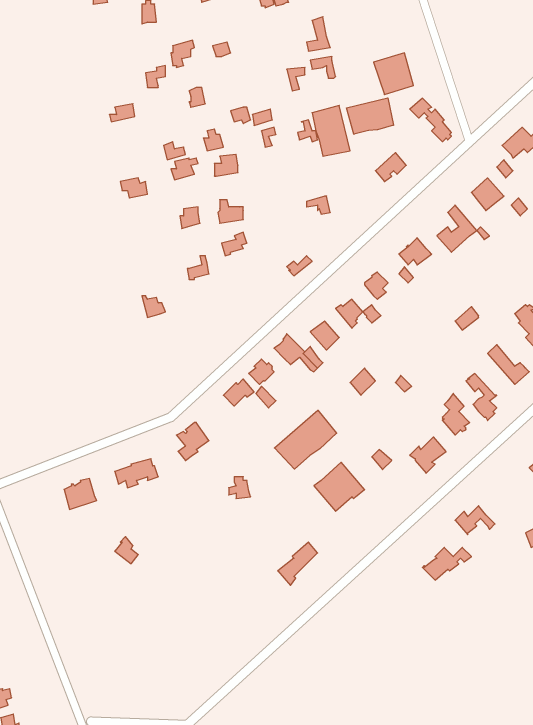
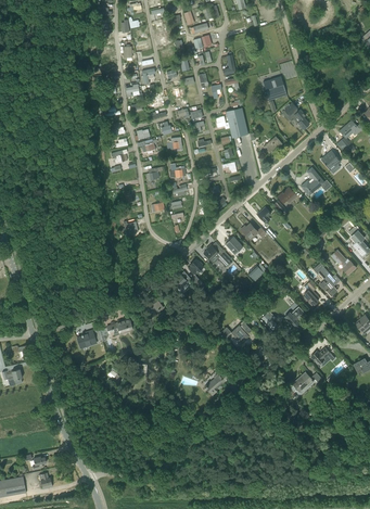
building: [347,98,394,134] -> none
building: [274,410,337,469] -> none

